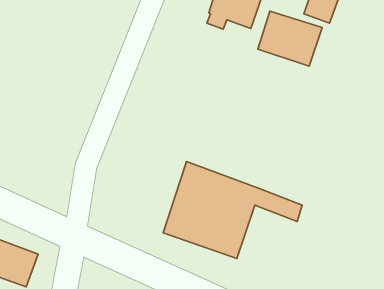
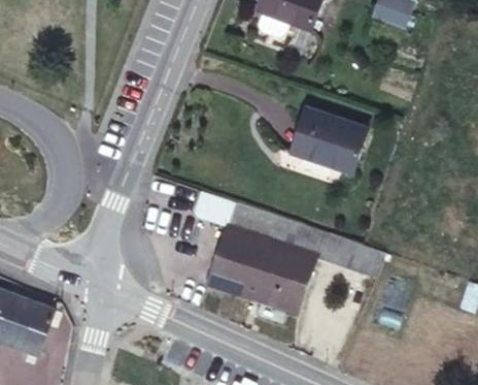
building: [258,11,322,66] -> [293,114,370,180]

